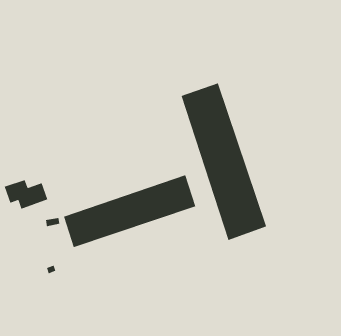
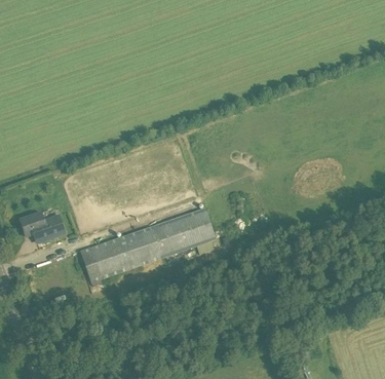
building: [181,82,267,241] -> none

